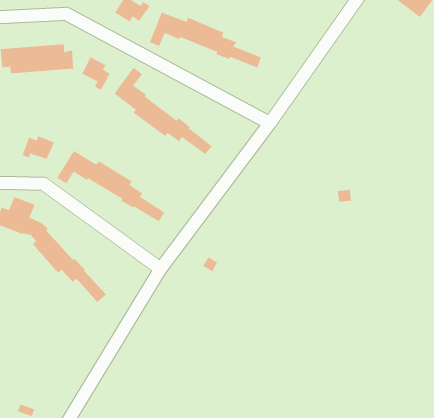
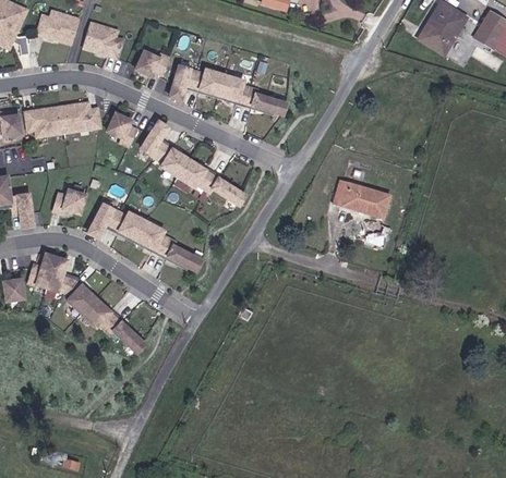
building: none -> [335,176,390,212]

